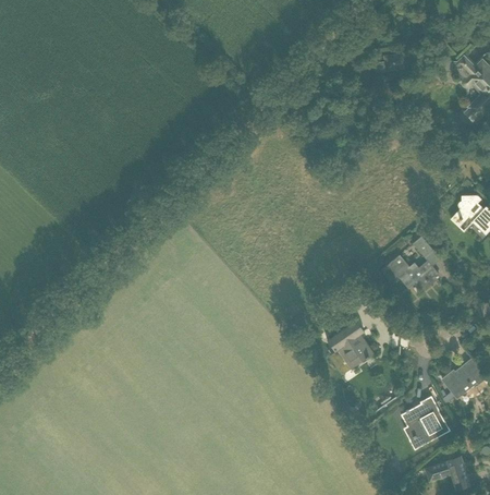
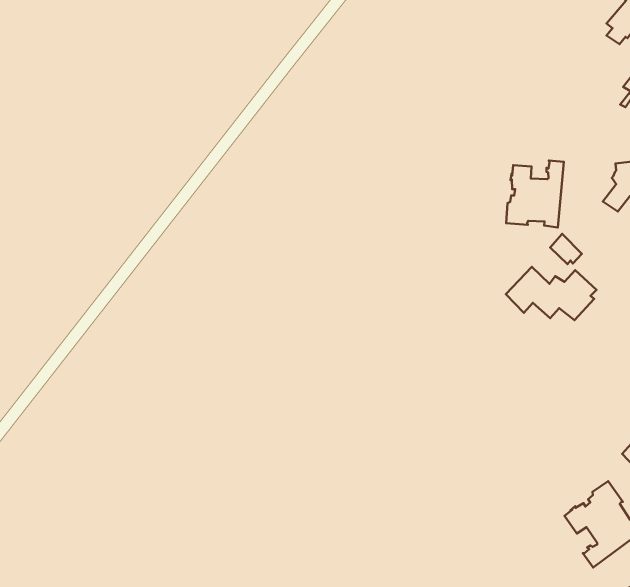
building: none -> [506,161,564,227]
building: [327,318,373,367] -> none

